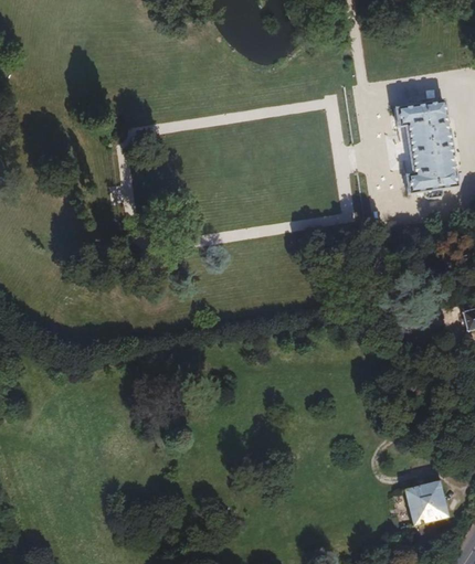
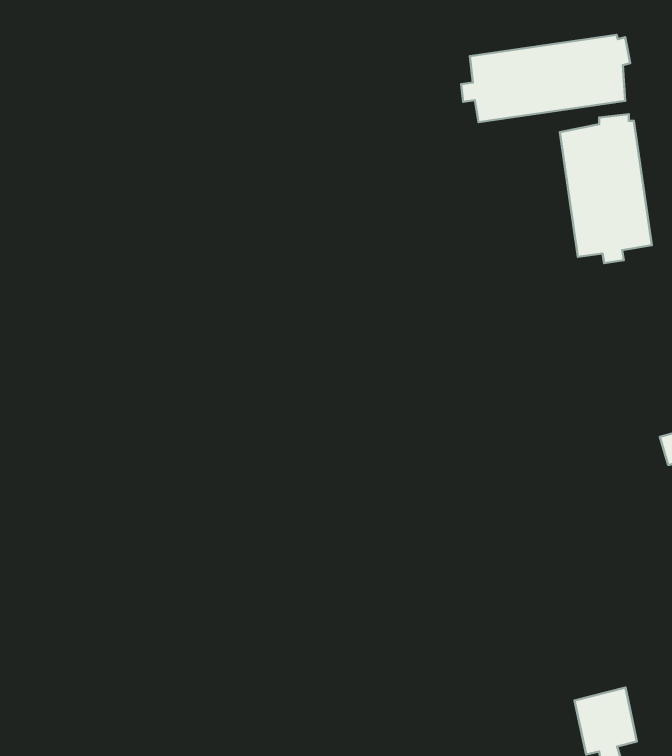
building: none -> [461,35,630,122]

